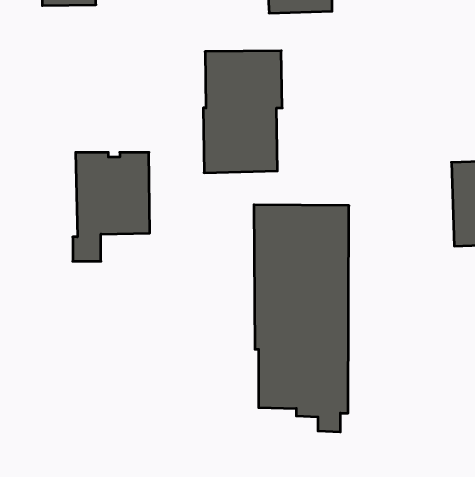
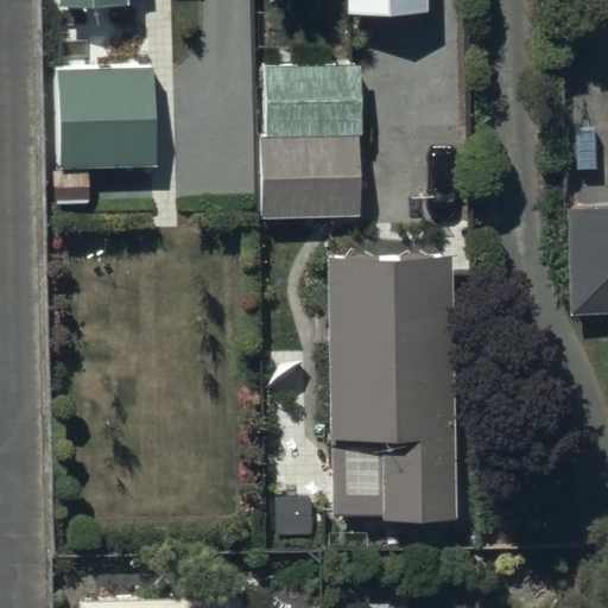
building: [73,152,150,261] -> [57,64,154,202]

